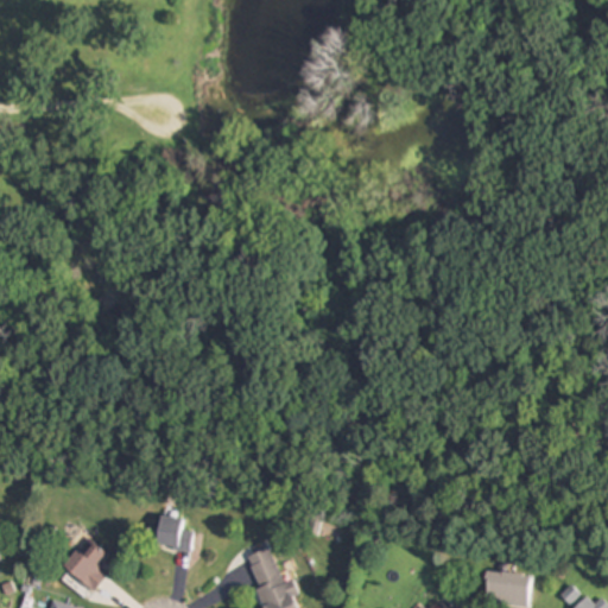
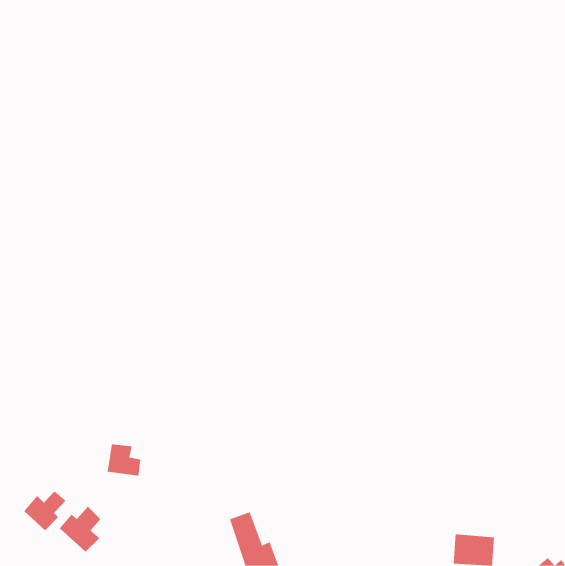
building: [154,514,191,549] -> [107,444,141,476]
building: none -> [23,491,66,531]

